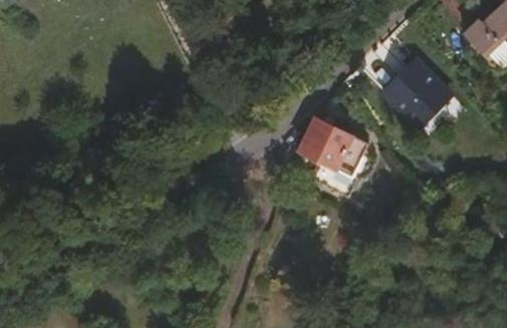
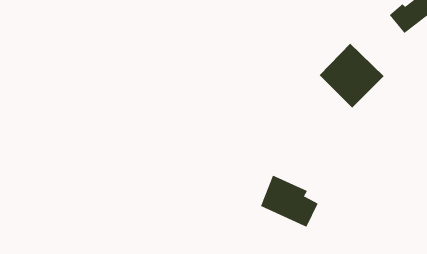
building: [296,118,361,178] -> [260,175,318,228]

